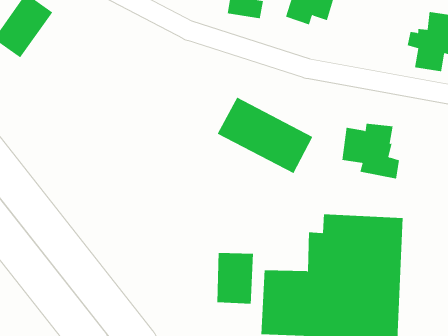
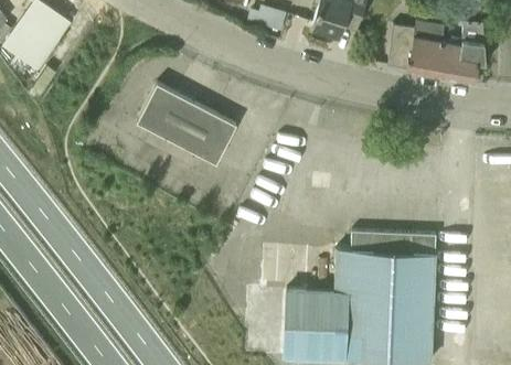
building: [217,97,313,174] -> [136,84,236,164]
building: [342,123,400,179] -> [390,21,450,79]
building: [217,252,253,305] -> none

